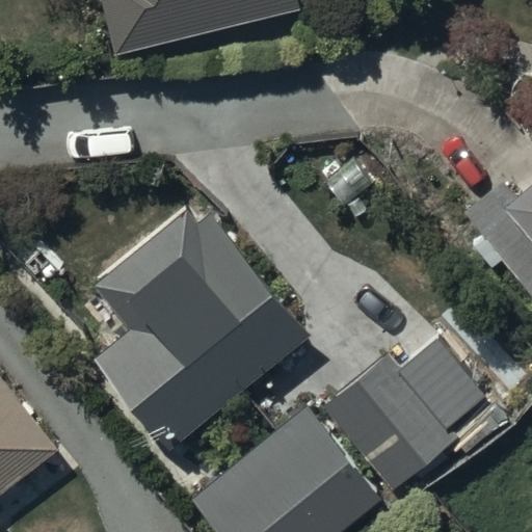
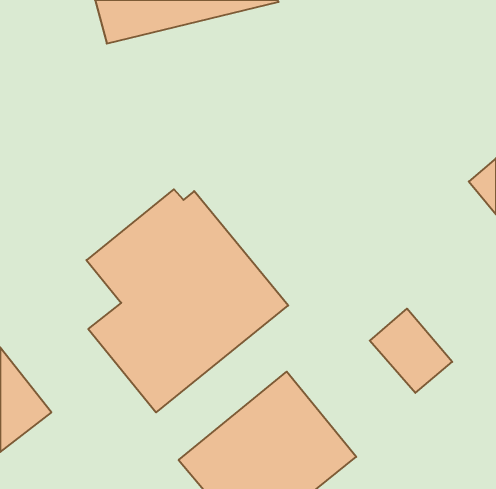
building: [320,357,450,490] -> none

